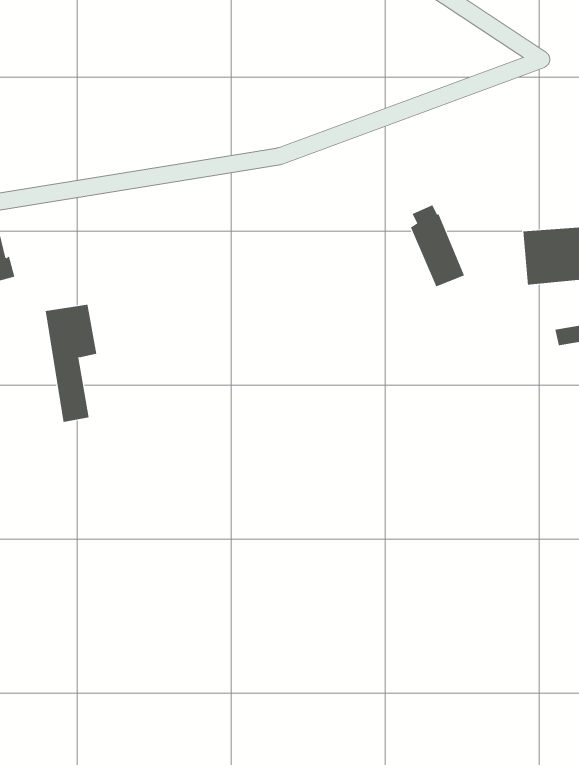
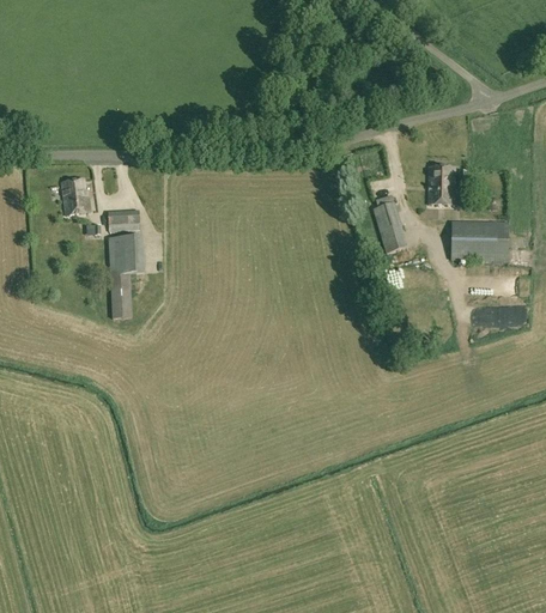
building: none -> [429,165,455,204]
building: none -> [108,208,140,229]

